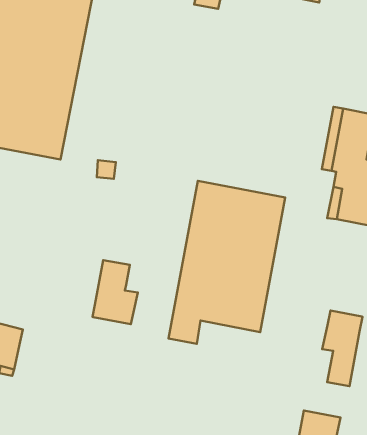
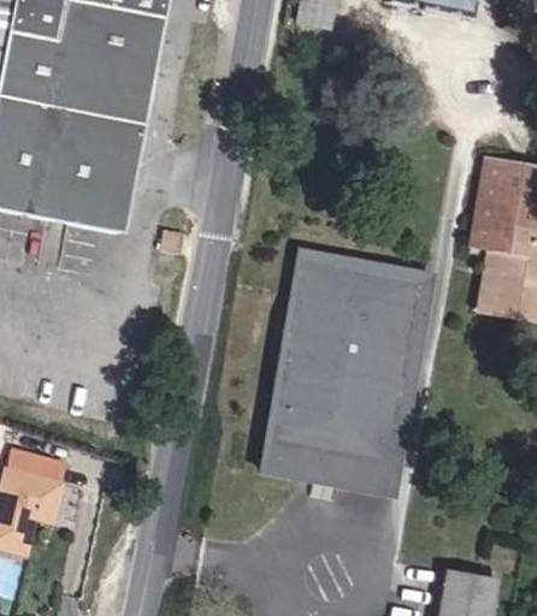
building: none -> [302,248,433,497]
building: [93,260,138,324] -> none
building: [322,311,362,386] -> none

